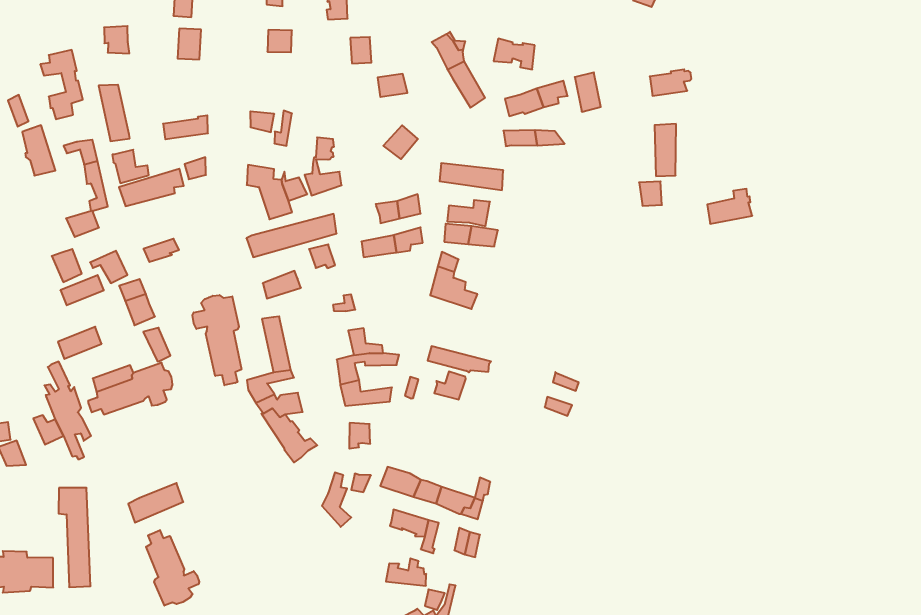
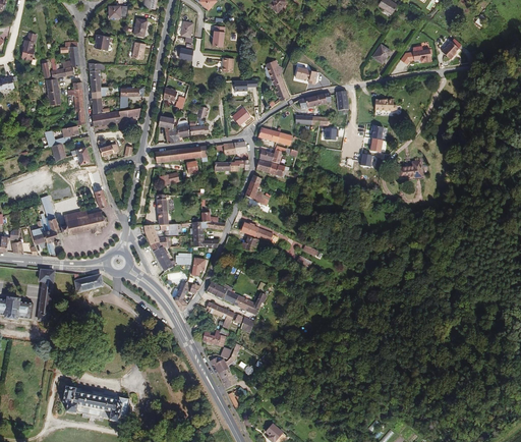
building: [192,295,241,385] -> none
building: [146,530,199,606] -> none

